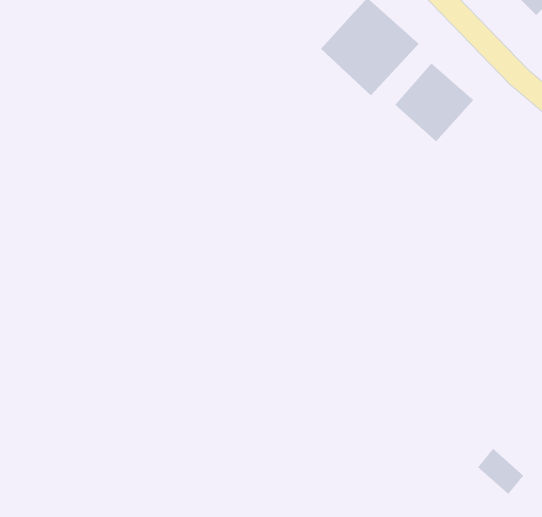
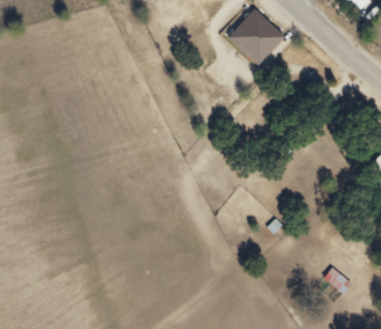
building: [395,63,474,142] -> none

